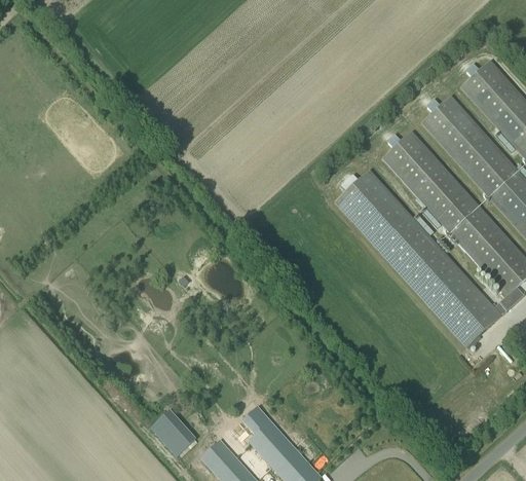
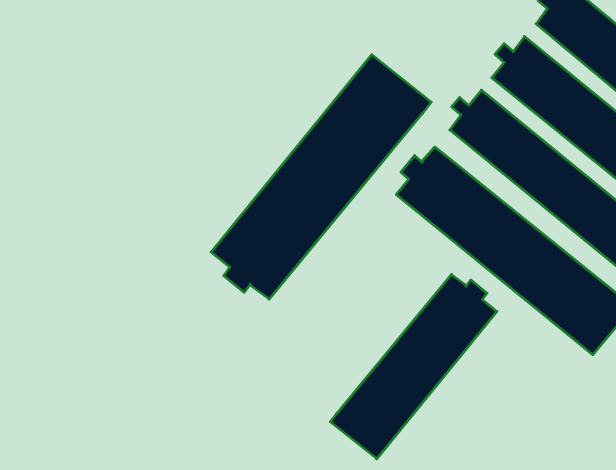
building: none -> [211,55,431,299]
building: none -> [330,274,497,459]

